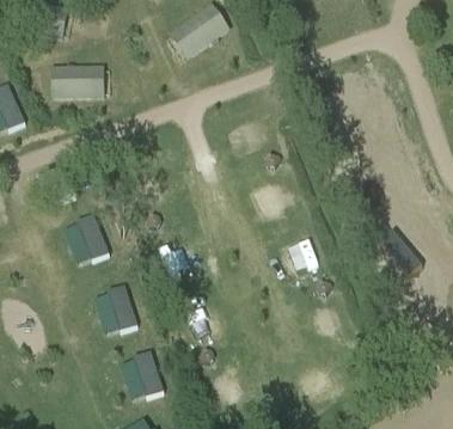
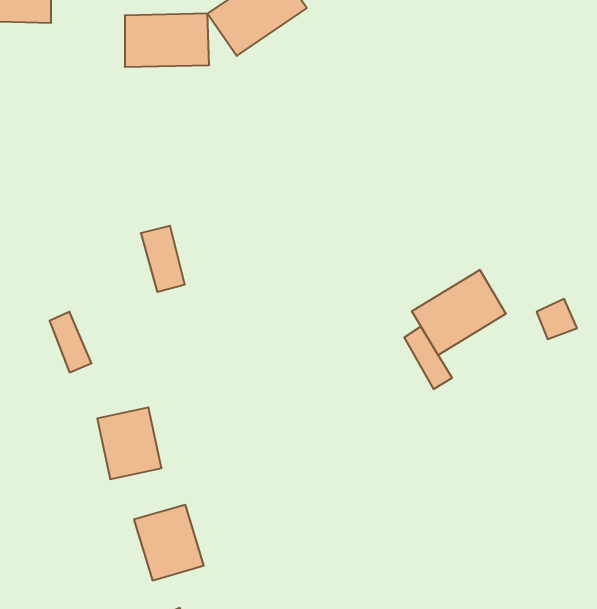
building: [50,63,105,98] -> [125,14,209,67]
building: none -> [412,270,506,355]
building: [80,216,109,259] -> [141,226,185,292]

